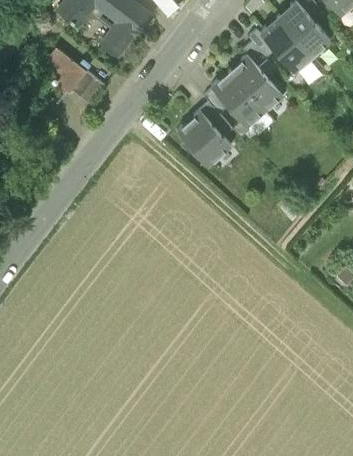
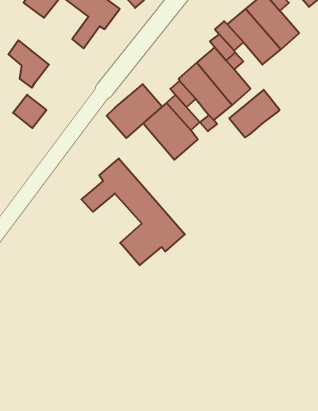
building: [69,72,102,105] -> [13,95,46,128]
building: none -> [107,84,162,138]
building: none -> [229,90,279,137]
building: none -> [81,158,185,265]

